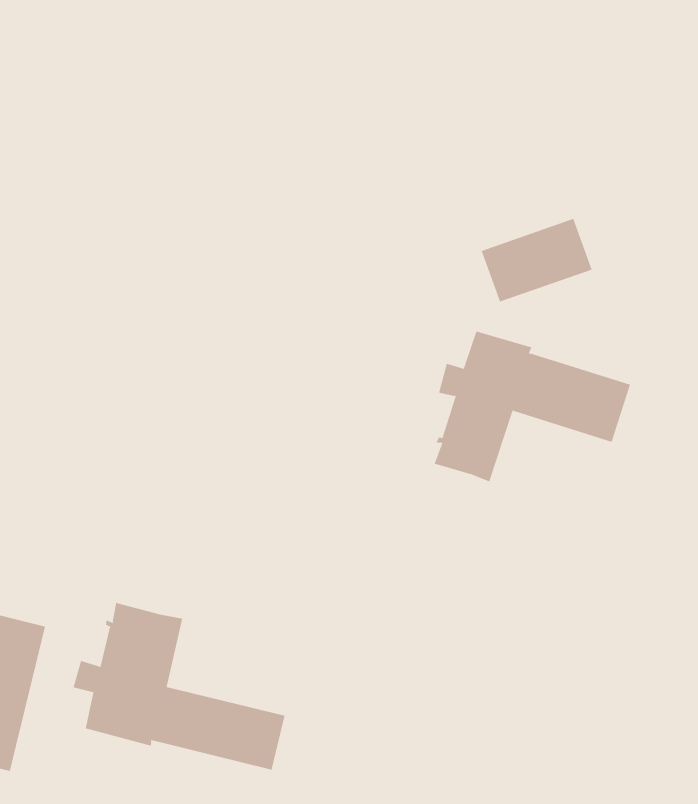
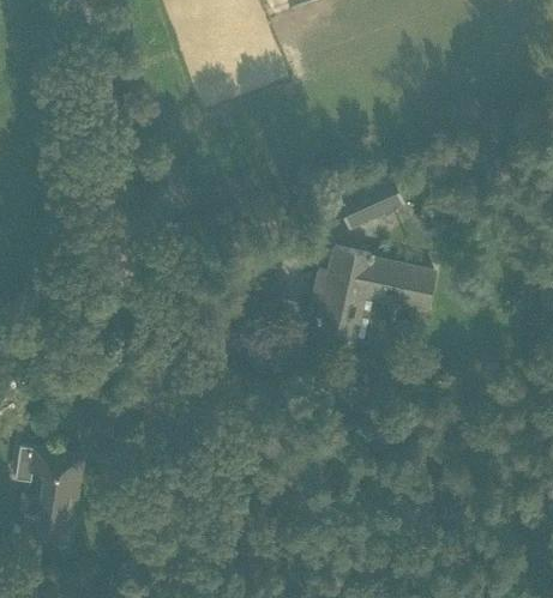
building: [73,602,285,770] -> none

